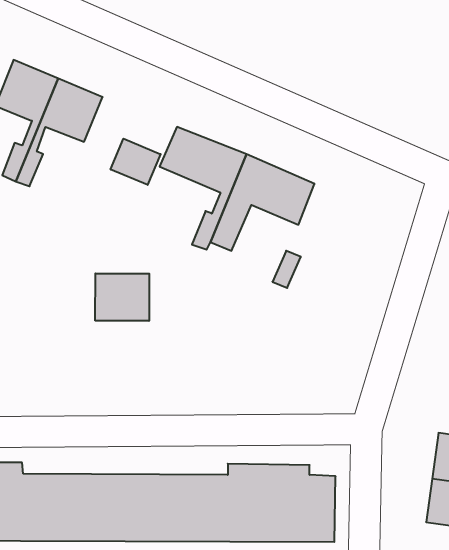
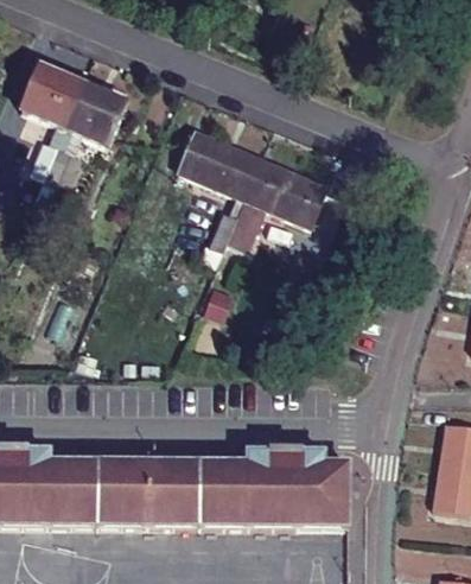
building: [111,139,161,185] -> none
building: [95,273,149,321] -> none

